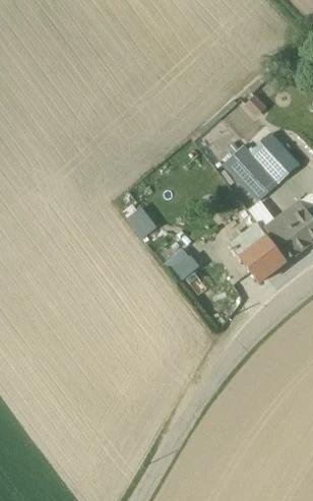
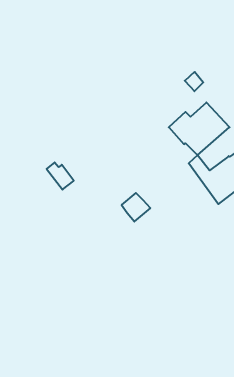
building: [122,204,156,239] -> [47,162,74,190]
building: [230,223,286,283] -> none

